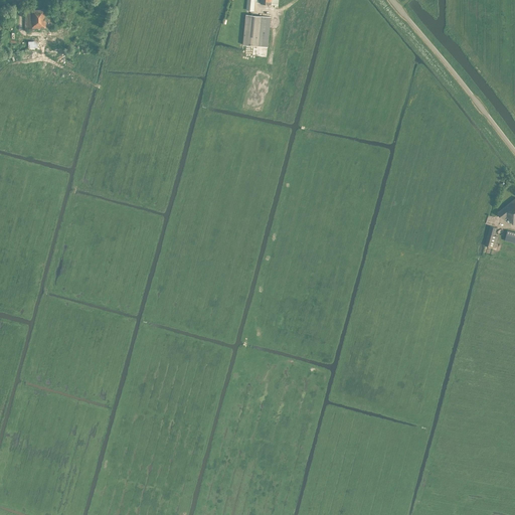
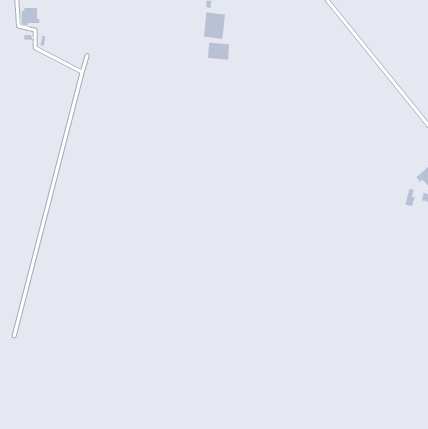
building: none -> [207,42,230,60]

